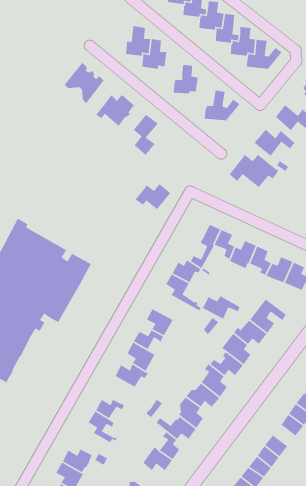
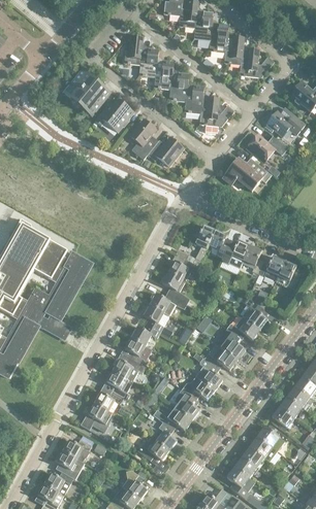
building: none -> [153,60,177,90]
building: none -> [184,84,209,113]
building: [135,183,171,210] -> [147,139,182,165]
building: [202,295,245,320] -> [149,293,190,316]
building: none -> [106,370,132,400]

